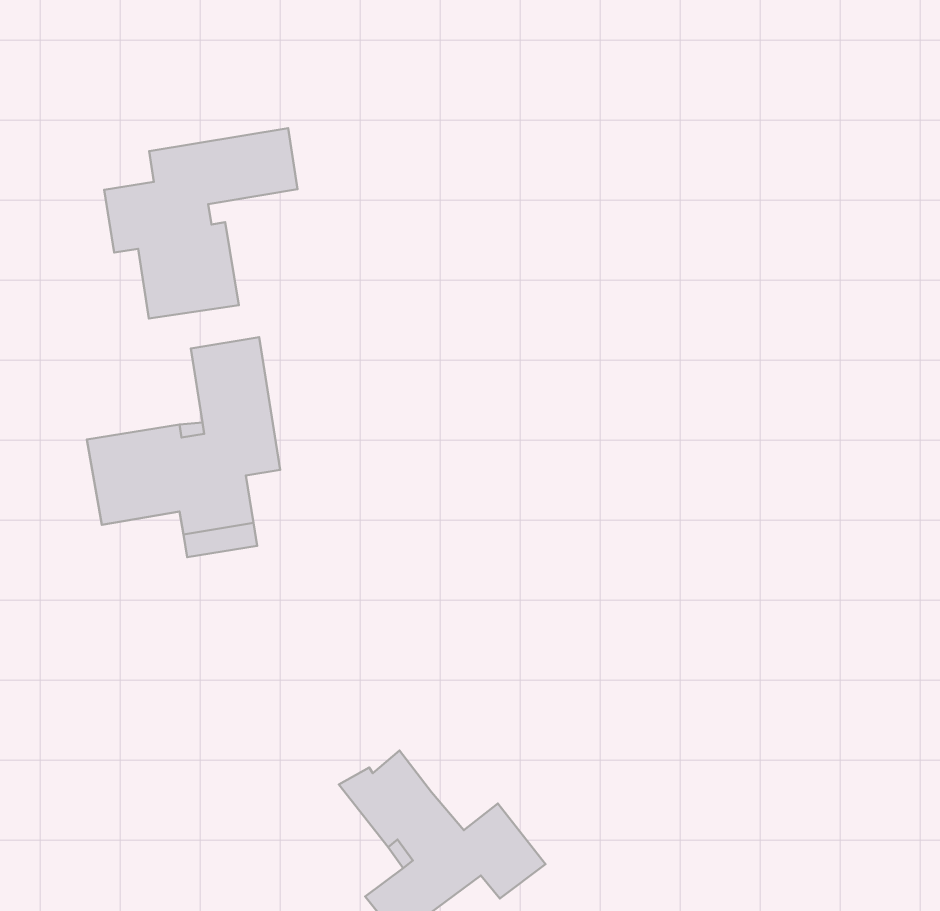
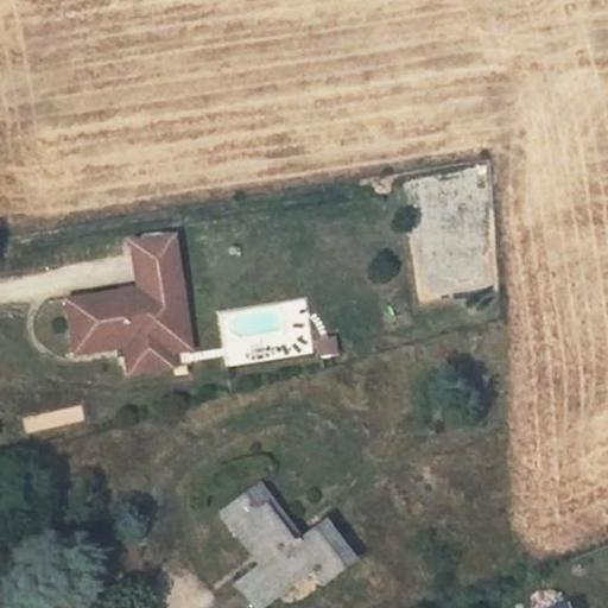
building: [104,128,298,318] -> none

